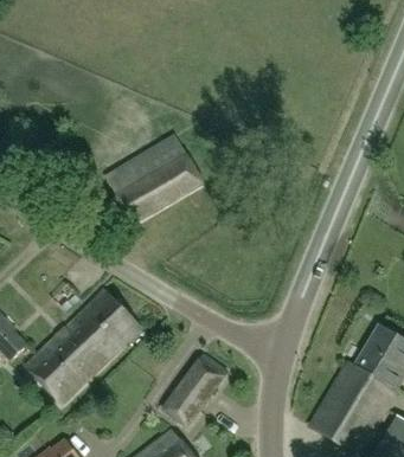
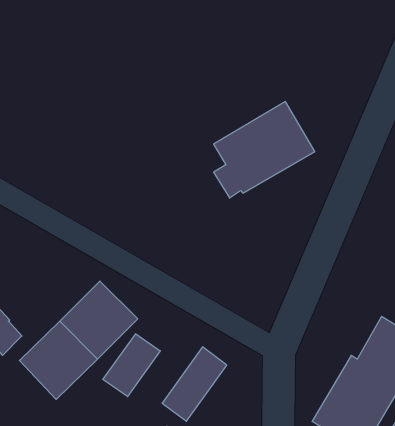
building: [105,134,204,227] -> [214,102,315,198]
building: none -> [103,334,160,397]

